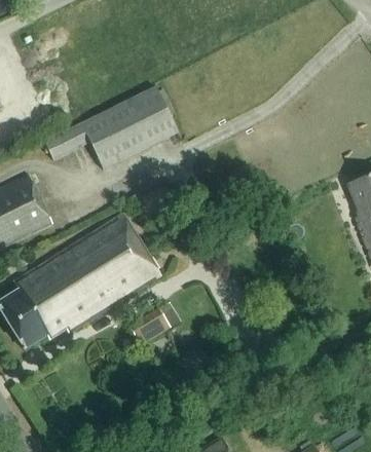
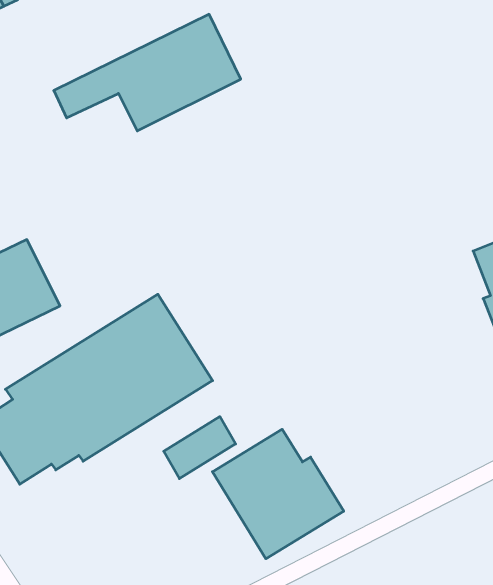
building: [44,86,178,170] -> [54,14,241,131]
building: none -> [212,429,344,559]

